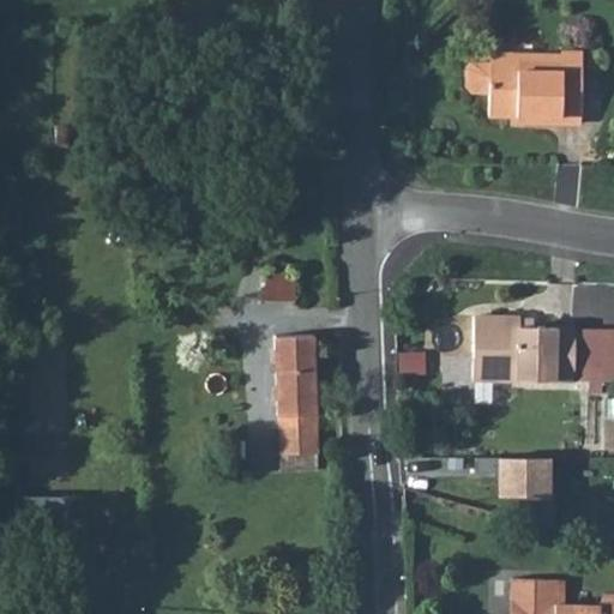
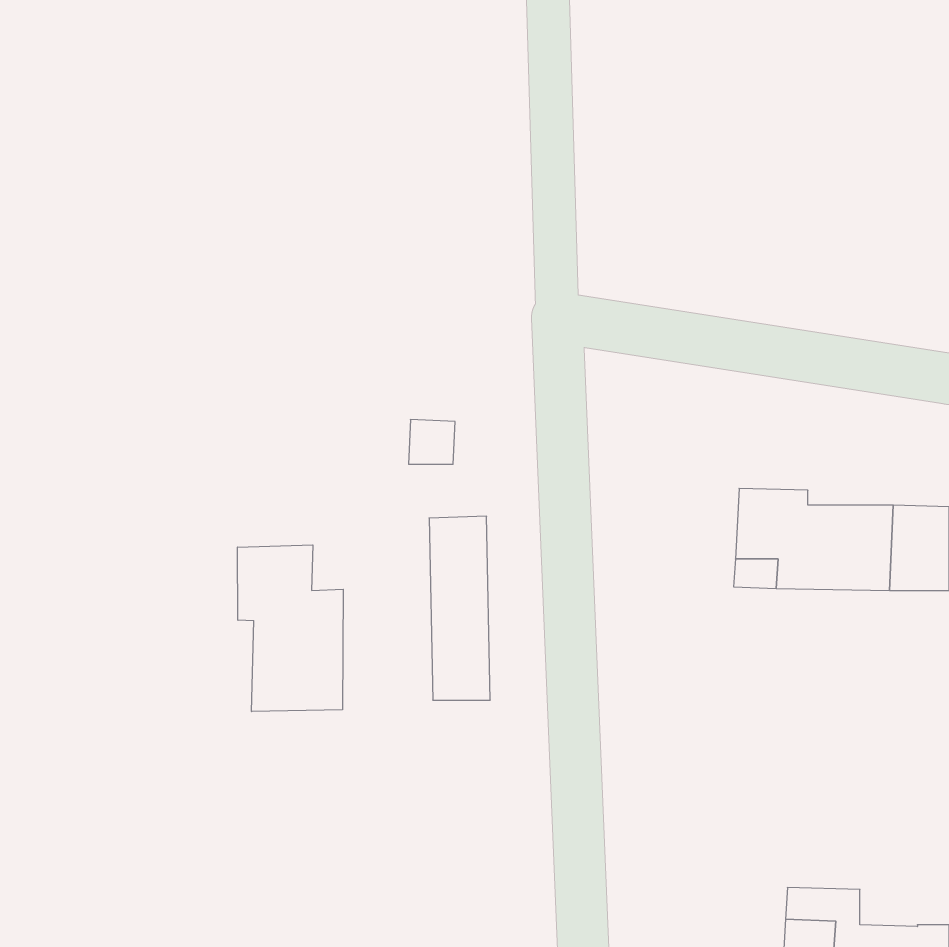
building: [468,52,583,125] -> none
building: none -> [238,545,343,712]
building: [480,458,558,516] -> none

